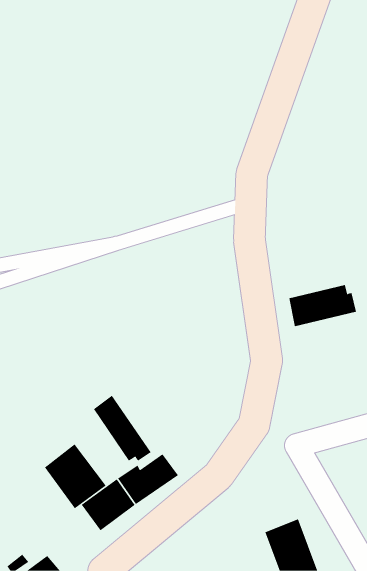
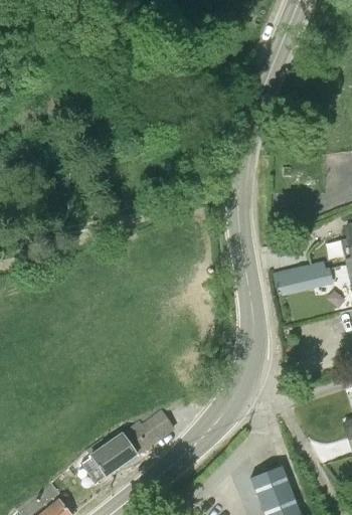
building: [93,395,151,462] -> none
building: [44,444,106,509] -> none

